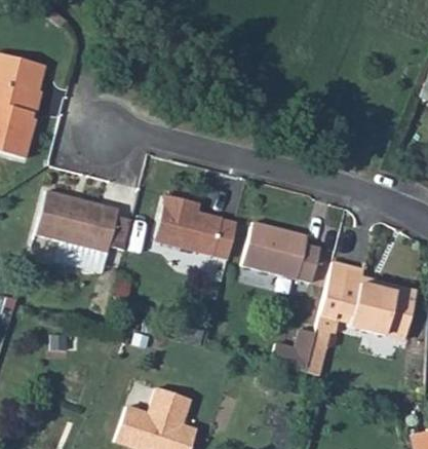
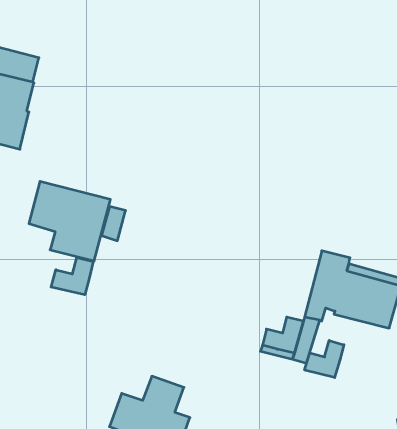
building: [154,195,237,261] -> none
building: [241,221,319,284] -> none
building: none -> [51,257,93,295]
building: none -> [305,340,344,378]

